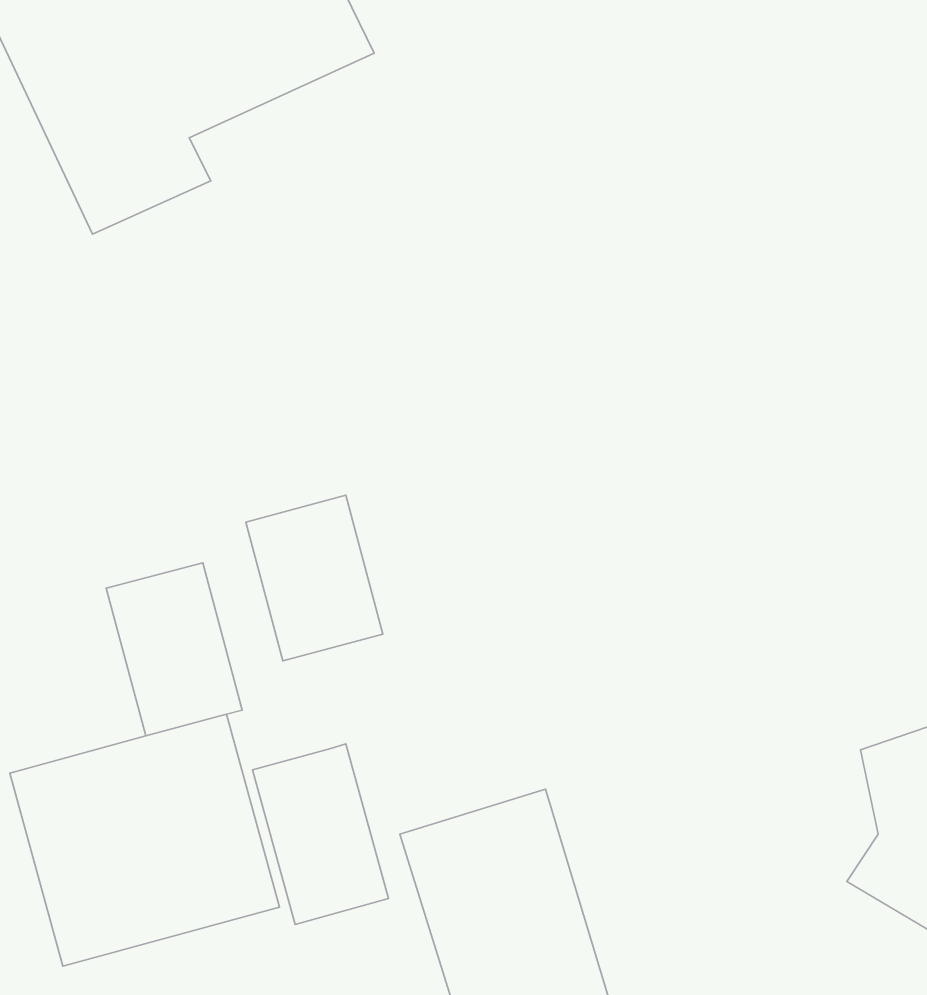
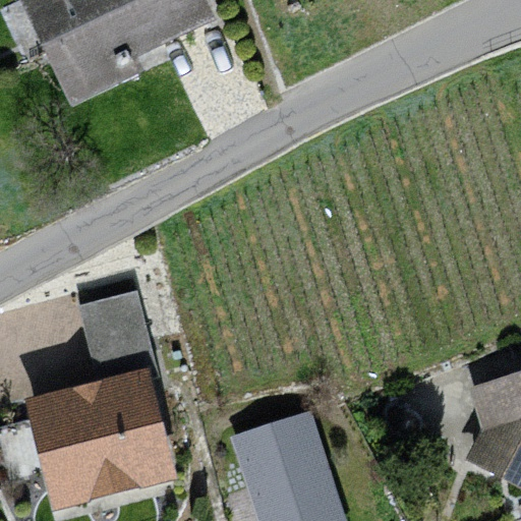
building: [246,495,383,661] -> none
building: [253,744,388,924] -> none

